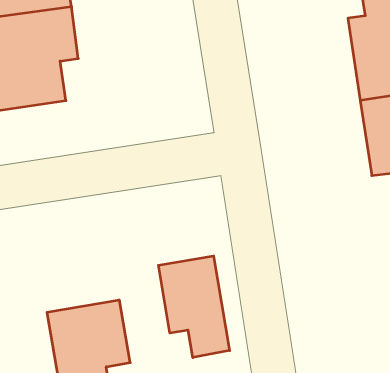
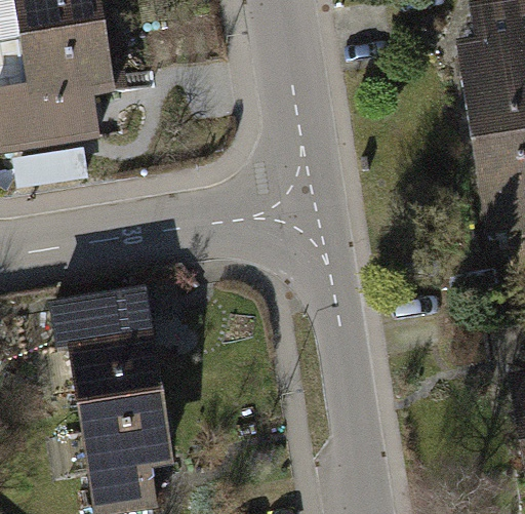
building: none -> [59,284,166,402]
building: [158,256,230,358] -> none

